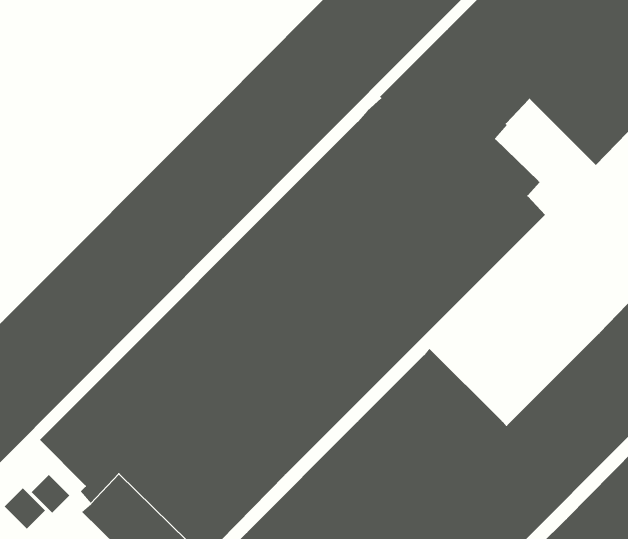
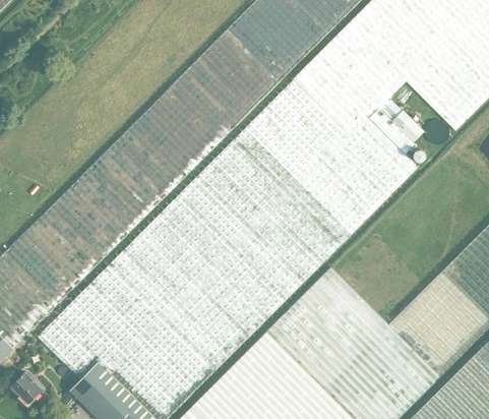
building: none -> [380,101,424,142]
building: [31,474,70,514] -> none

